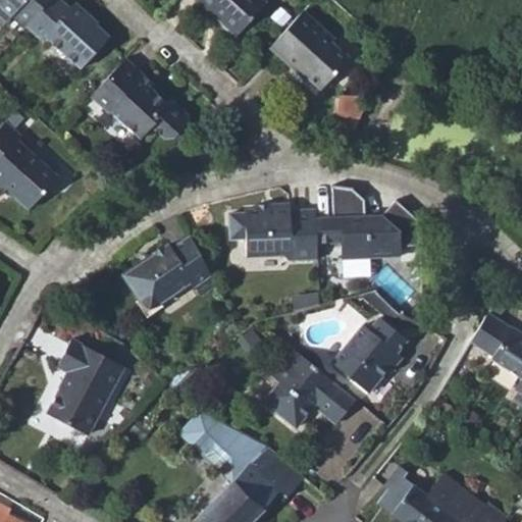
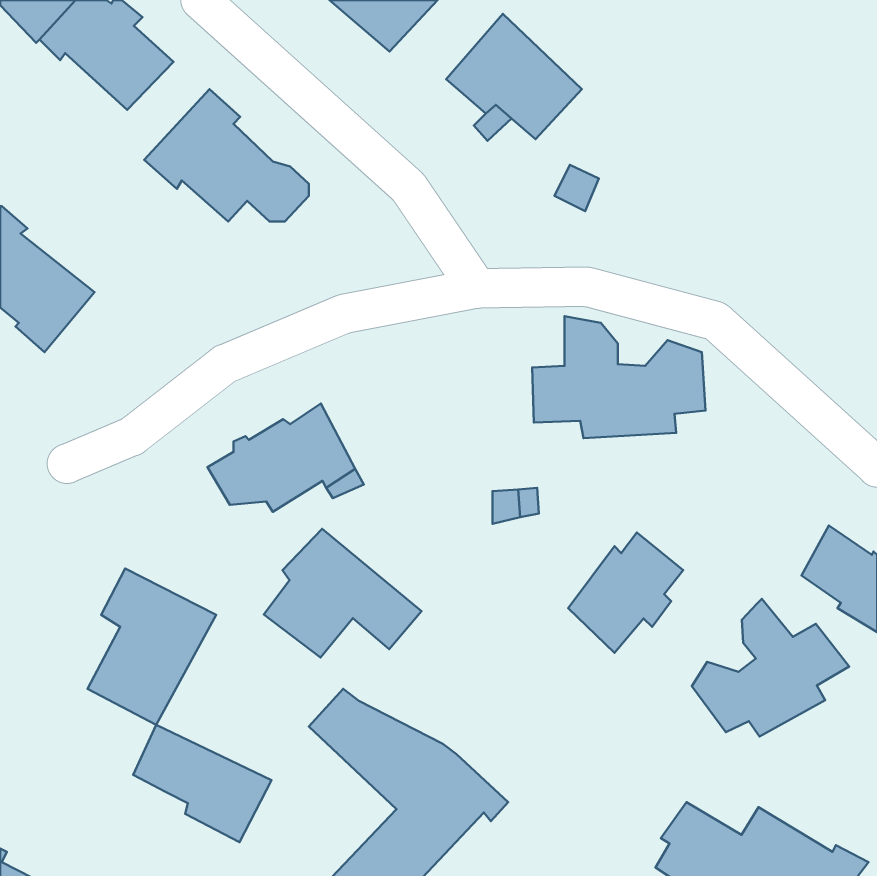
building: [231,205,318,265] -> none
building: [259,351,353,427] -> [264,529,422,658]
building: none -> [692,599,849,736]
building: none -> [133,725,272,842]

